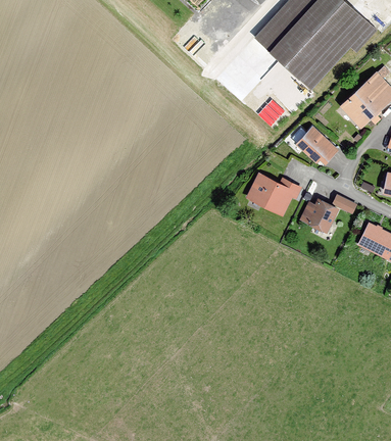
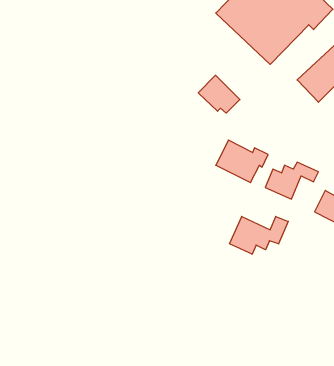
building: [295,126,339,165] -> [198,75,240,113]
building: none -> [230,216,288,254]

